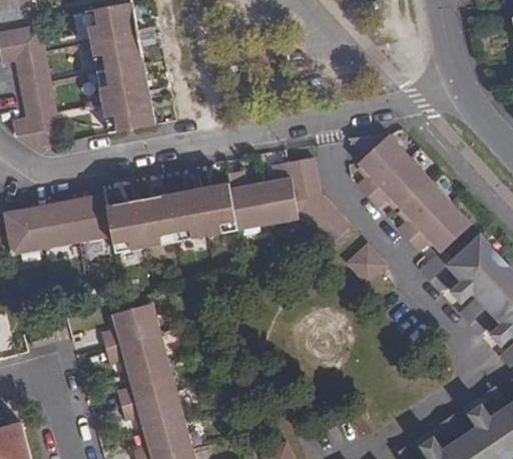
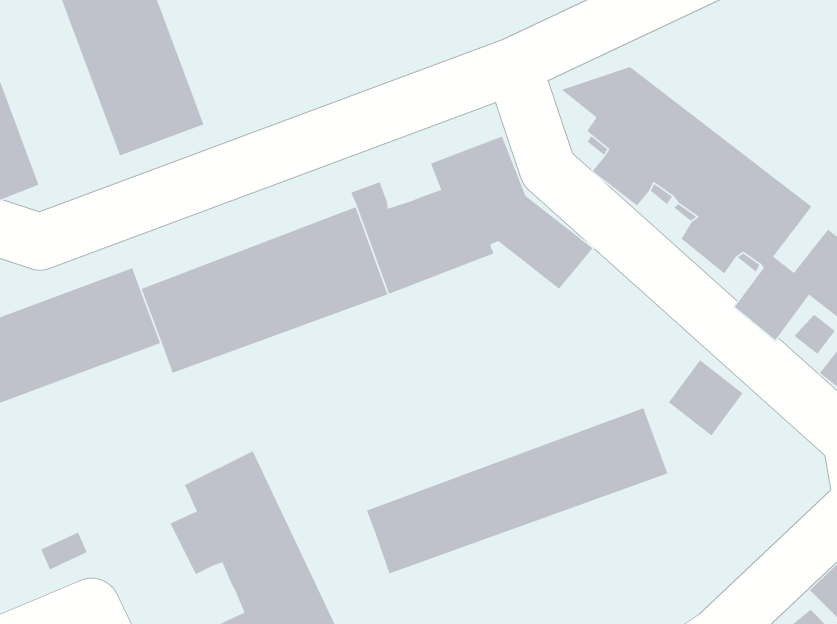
building: [346,243,387,285] -> [668,359,744,437]
building: none -> [366,407,669,575]

